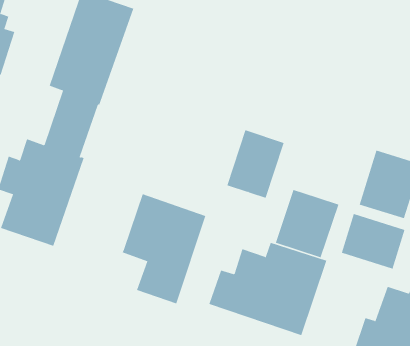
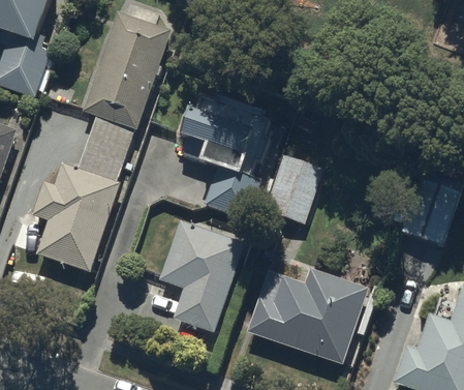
building: none -> [177,94,269,221]
building: [275,189,339,258] -> none
building: [341,213,405,270] -> none

